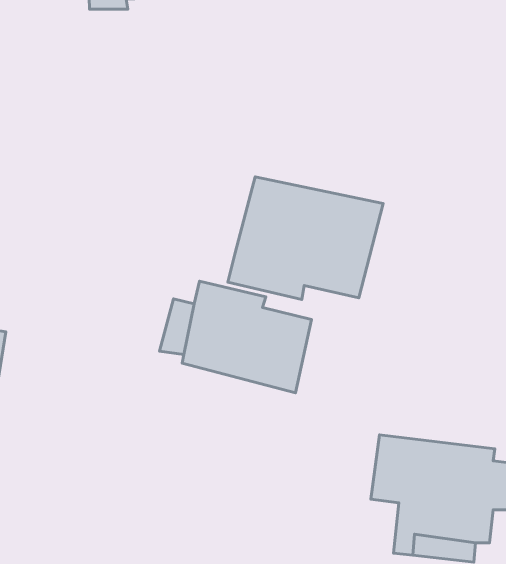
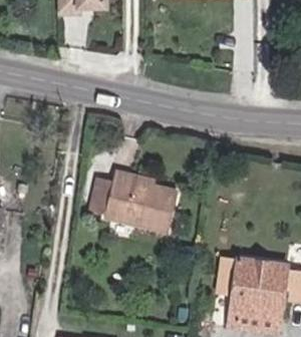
building: [228,177,383,300] -> none

